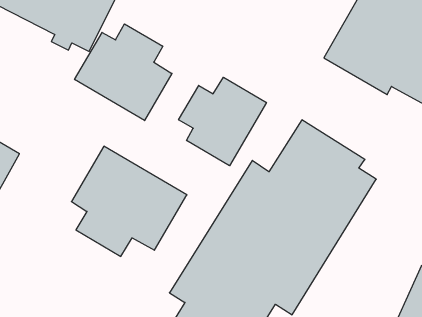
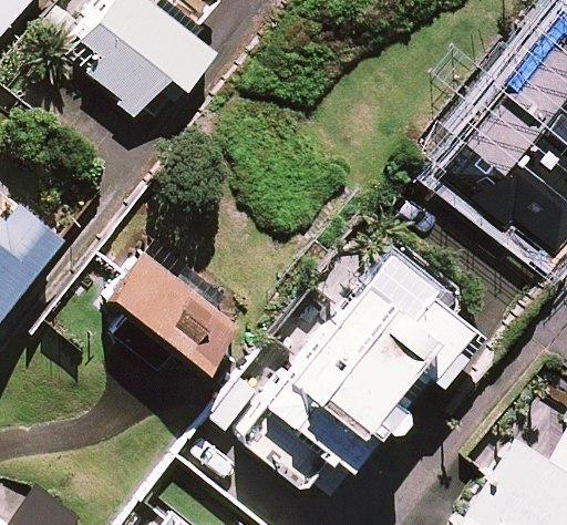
building: [75,24,172,121] -> none
building: [179,77,266,166] -> none

